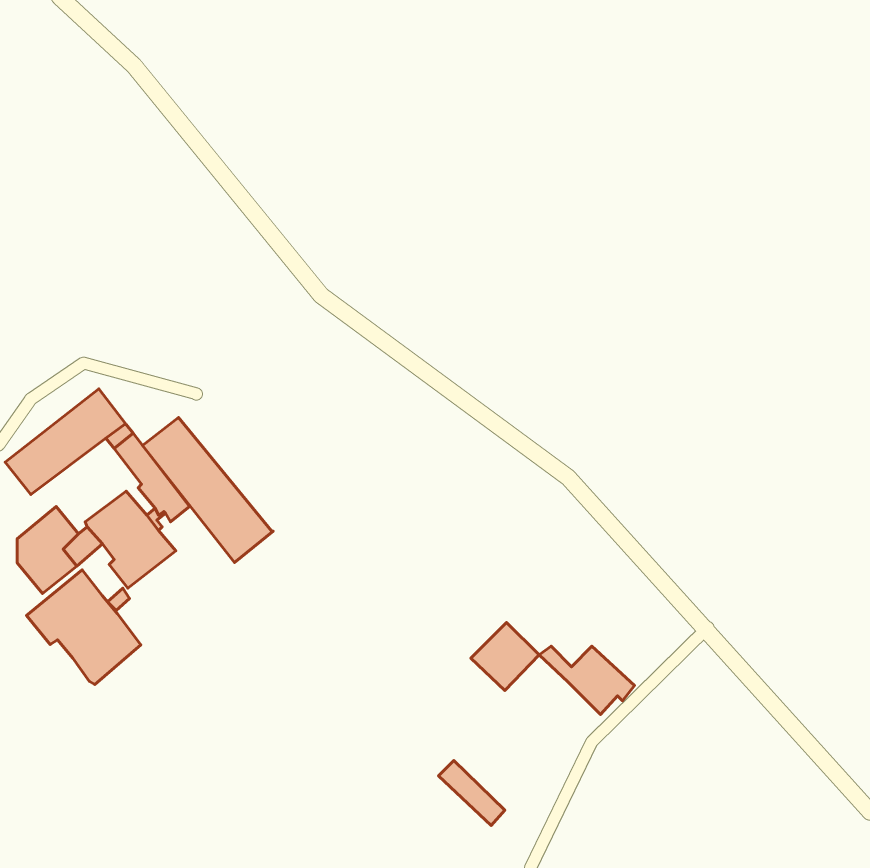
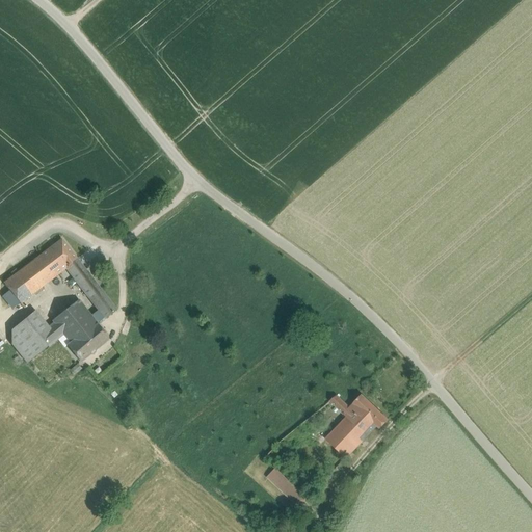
building: [142,417,273,562] -> none
building: [26,570,141,684] -> none
building: [471,622,539,691] -> [324,416,366,457]

